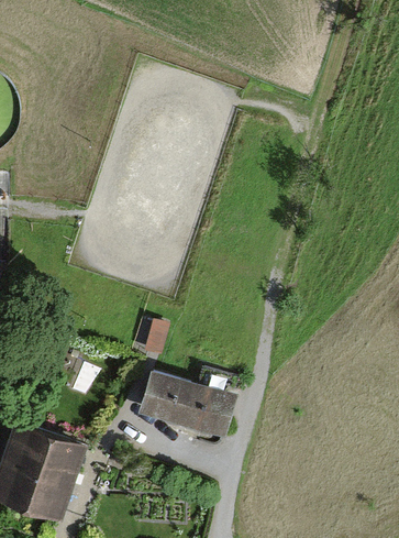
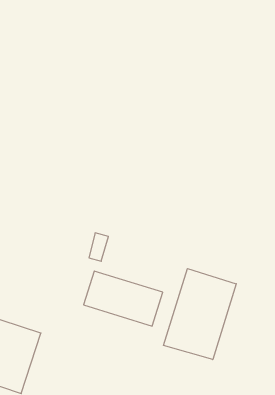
building: none -> [164,269,236,360]

